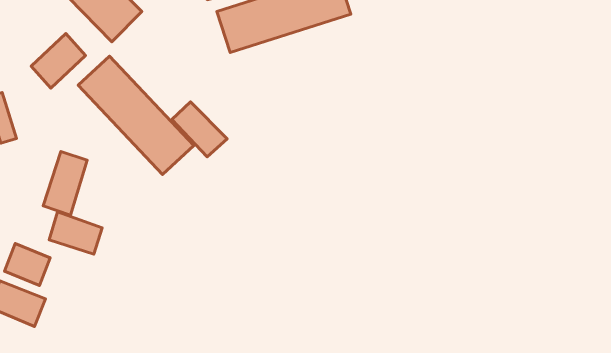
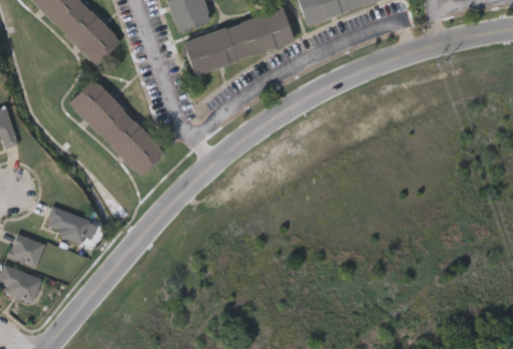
building: [31,34,85,88] -> none
building: [172,102,227,157] -> none
building: [43,152,87,215] -> none

